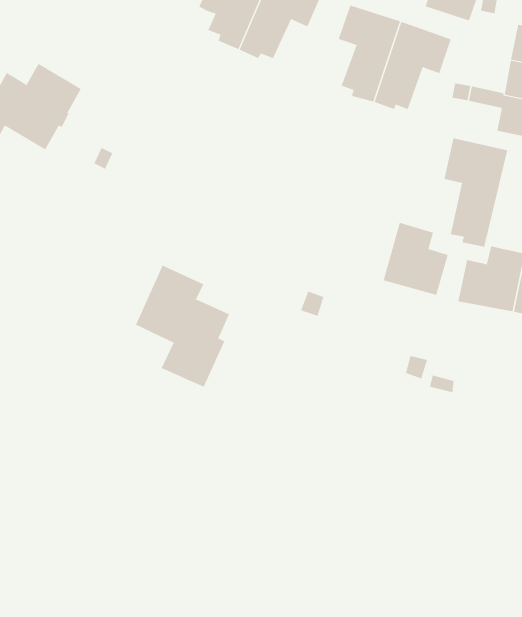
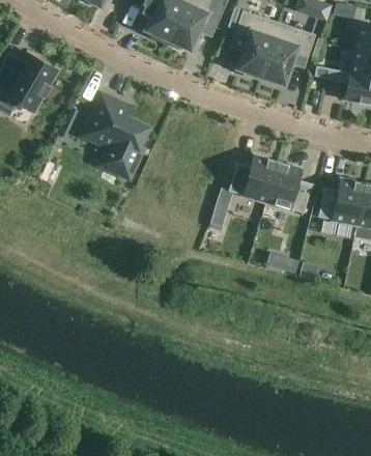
building: [444,138,508,248] -> none
building: none -> [227,154,277,202]
building: [135,265,230,388] -> [81,93,146,178]

